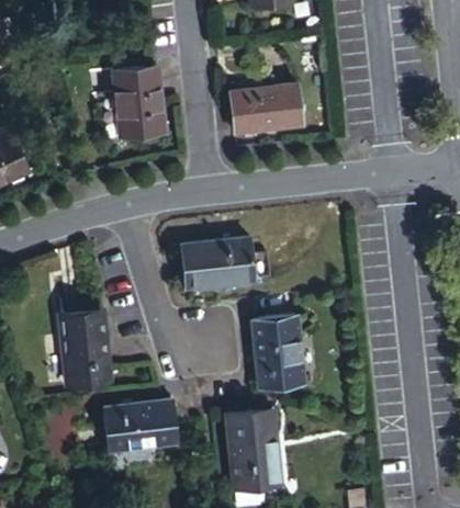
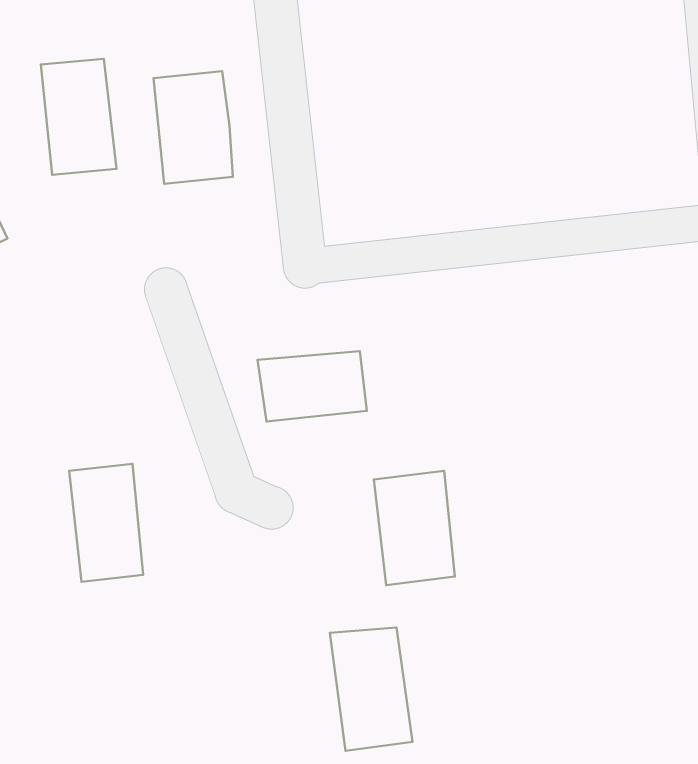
building: none -> [41,59,116,175]
building: [234,86,302,132] -> none
building: [103,400,178,453] -> none

